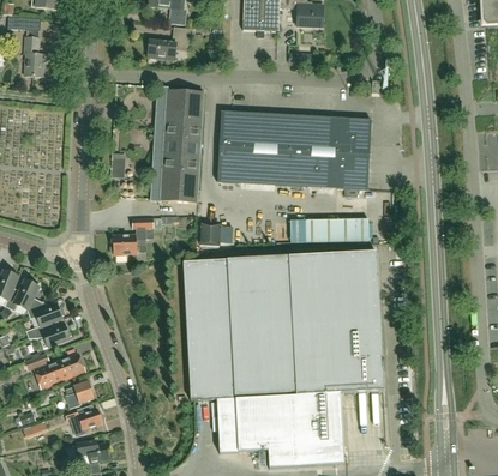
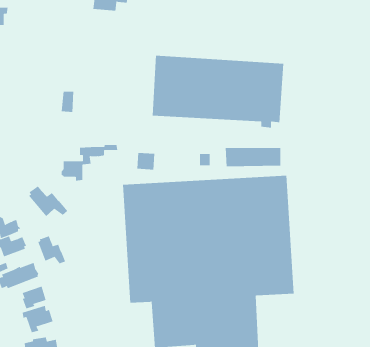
building: [161,89,204,201] -> none
building: none -> [28,185,68,217]
building: none -> [37,236,66,264]

